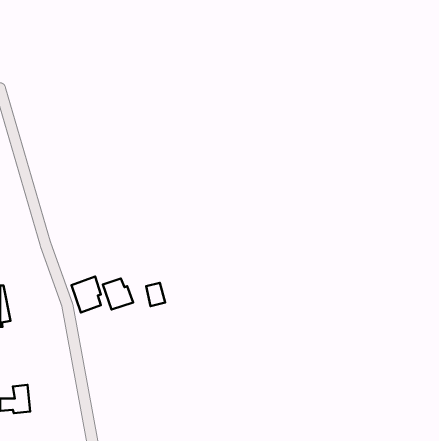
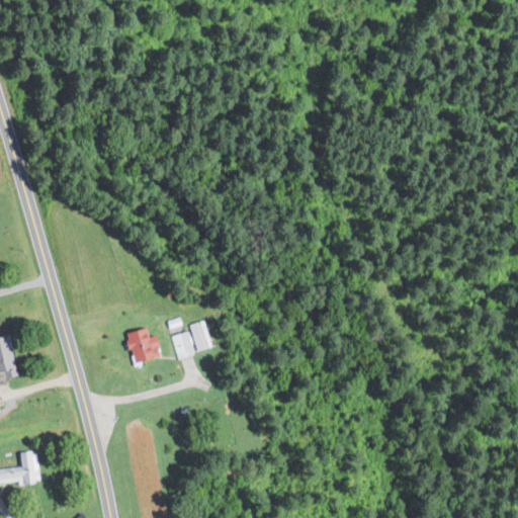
building: none -> [192,321,214,351]
building: [71,277,101,312] -> none

